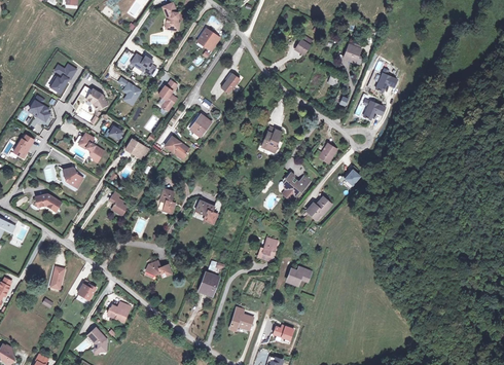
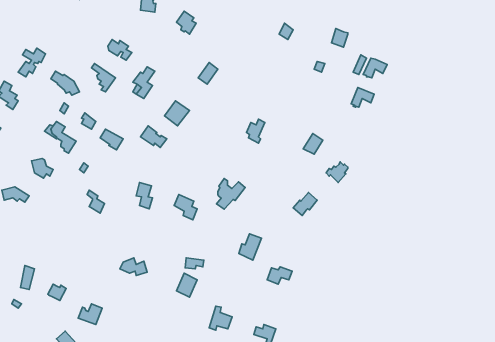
building: [284,173,311,202] -> [217,179,245,209]

